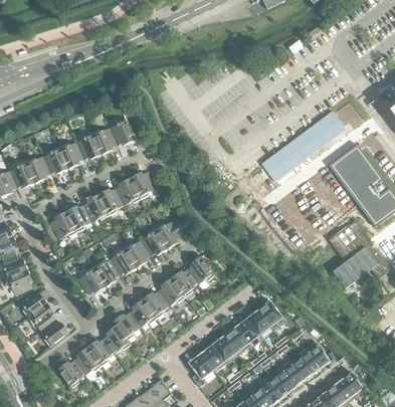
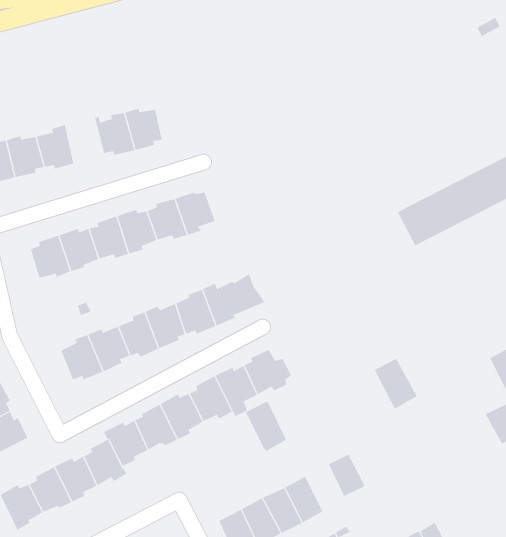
building: [110,118,135,146] -> none
building: [58,139,83,168] -> none
building: [257,300,285,331] -> [374,358,417,409]
building: [234,318,261,348] -> [245,401,287,452]

